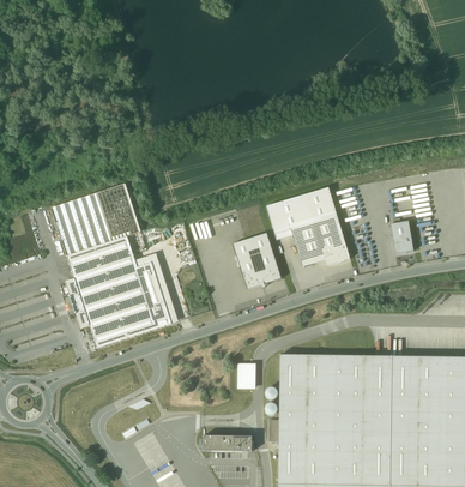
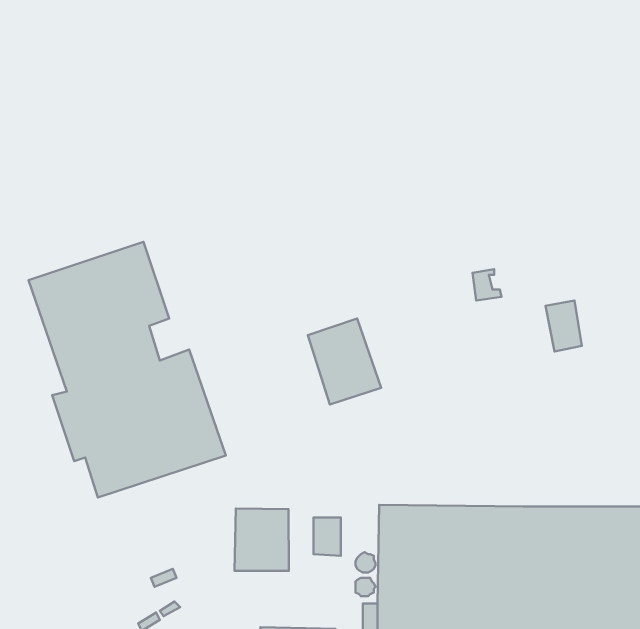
building: [266,187,350,267] -> none
building: none -> [235,509,289,571]

